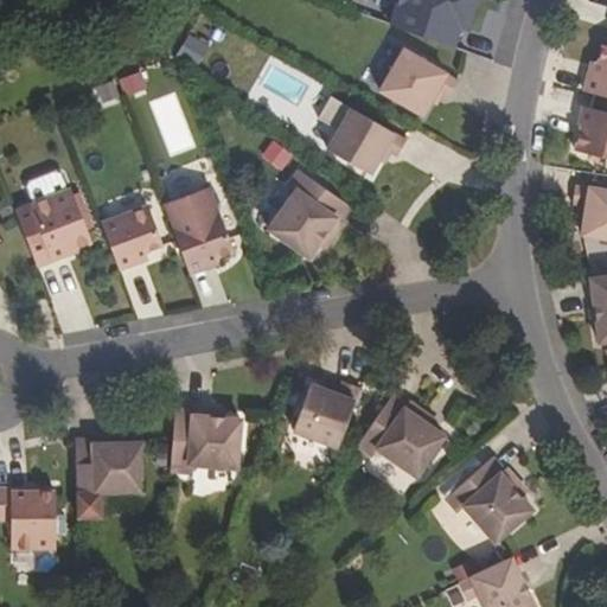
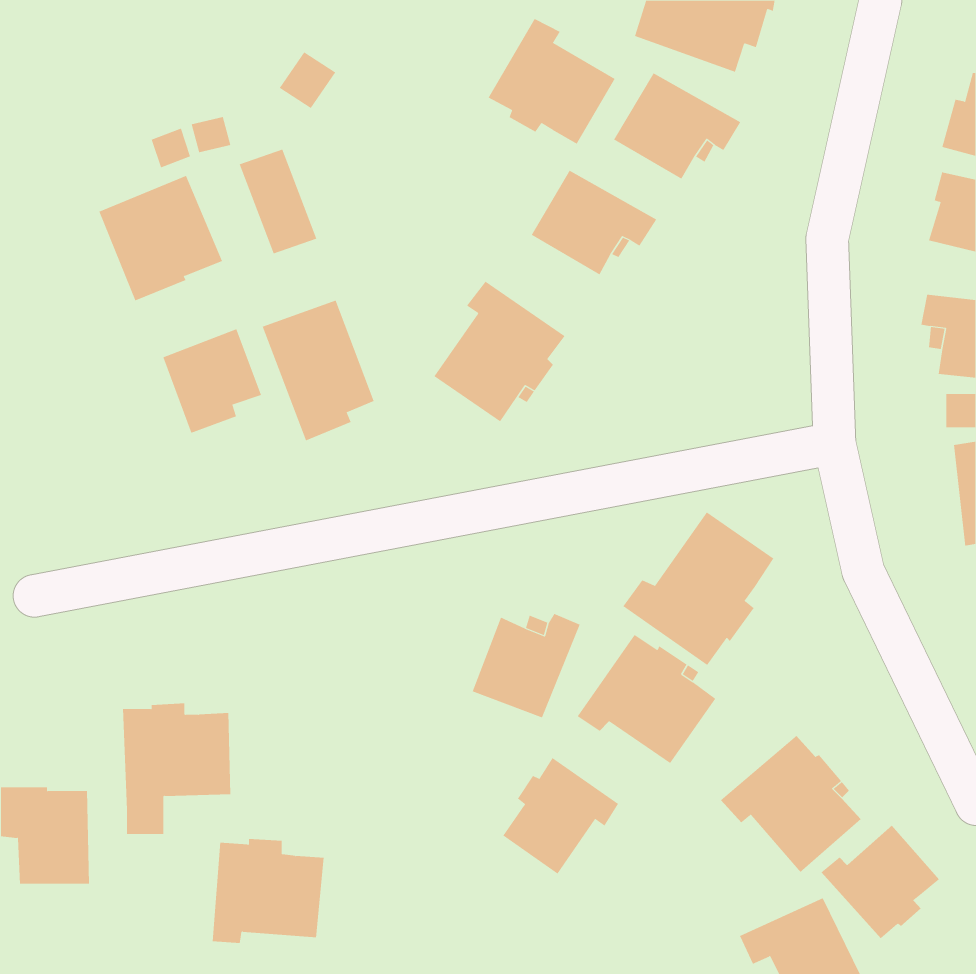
building: none -> [488,18,616,145]
building: [17,189,94,267] -> [99,175,223,301]
building: none -> [622,512,774,666]
building: [172,407,242,472] -> [212,838,324,943]
building: none -> [502,757,619,874]
building: none -> [821,825,940,939]

